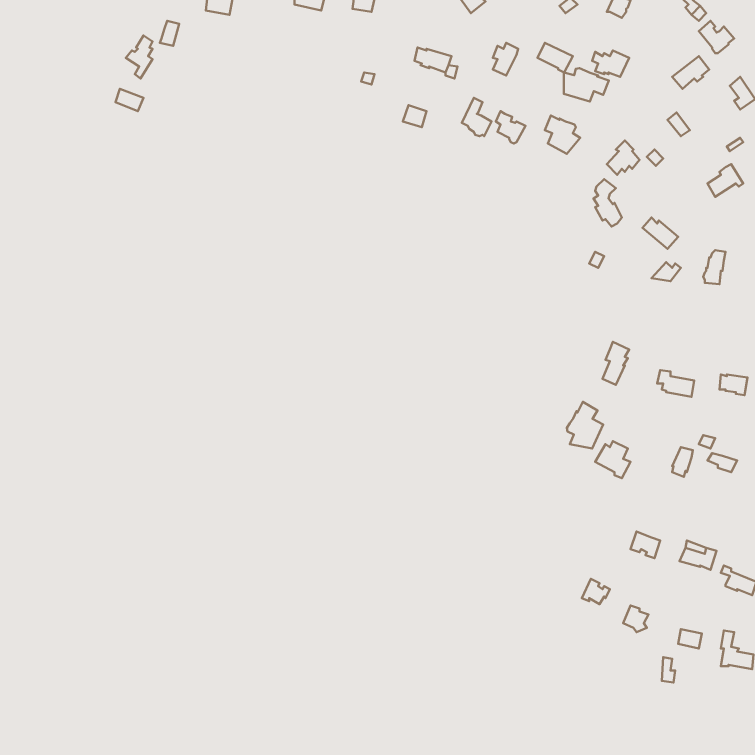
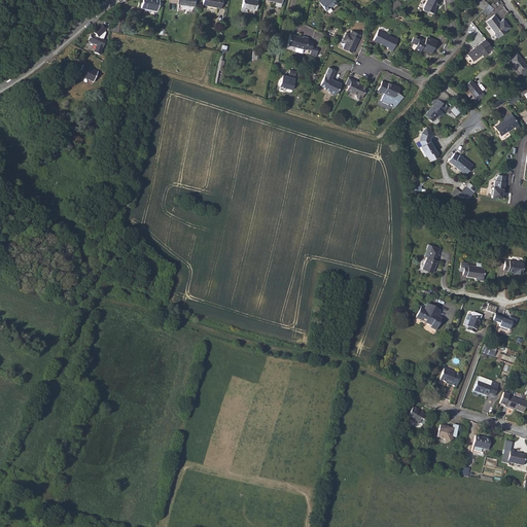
building: [564,68,609,102] -> none
building: [567,402,603,448] -> none

